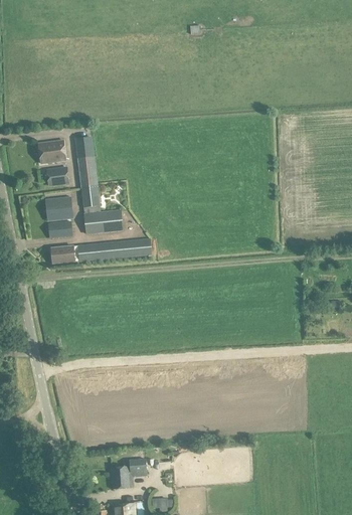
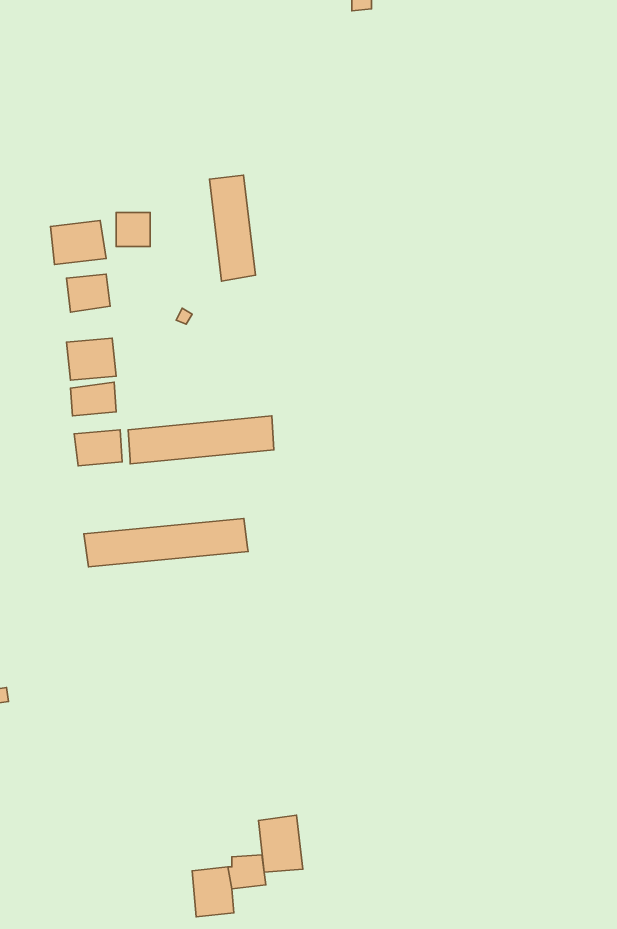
building: [76,154,100,207] -> [209,175,255,281]
building: [83,208,123,233] -> none
building: none -> [84,518,248,567]
building: none -> [258,815,303,872]

